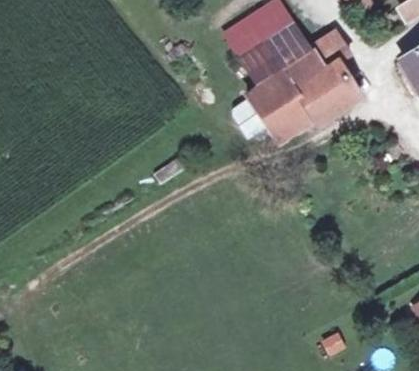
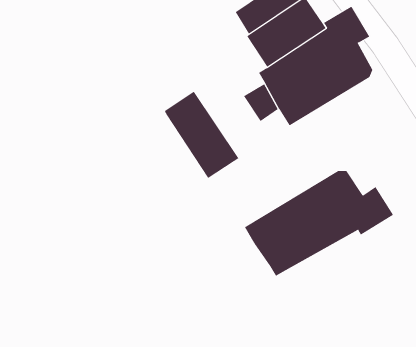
building: none -> [164,91,239,179]
building: none -> [244,170,394,277]

